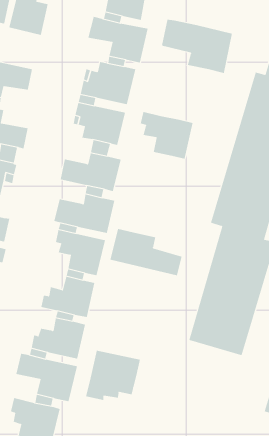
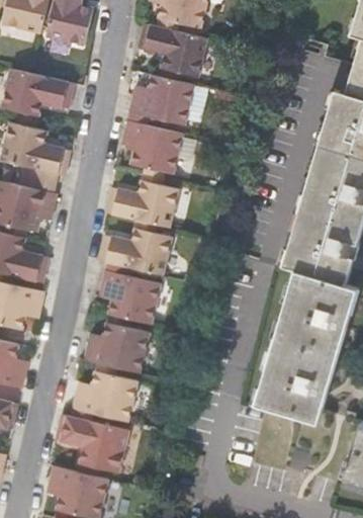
building: [160,19,233,74] -> none
building: [140,111,193,159] -> none
building: [110,228,182,276] -> none
building: [86,350,141,401] -> none

